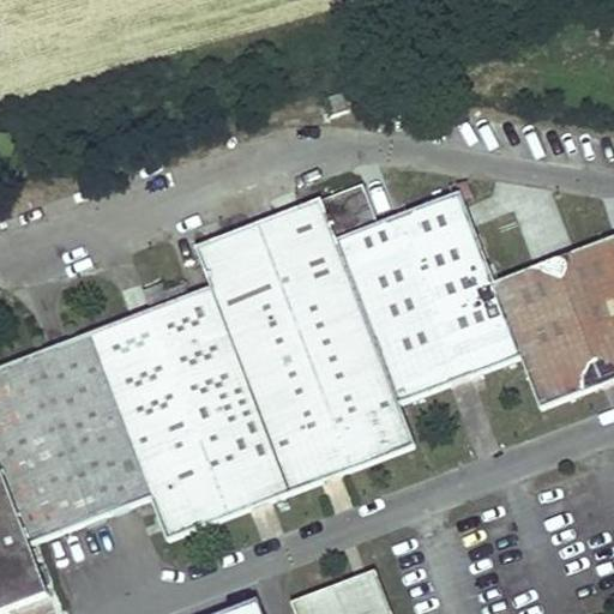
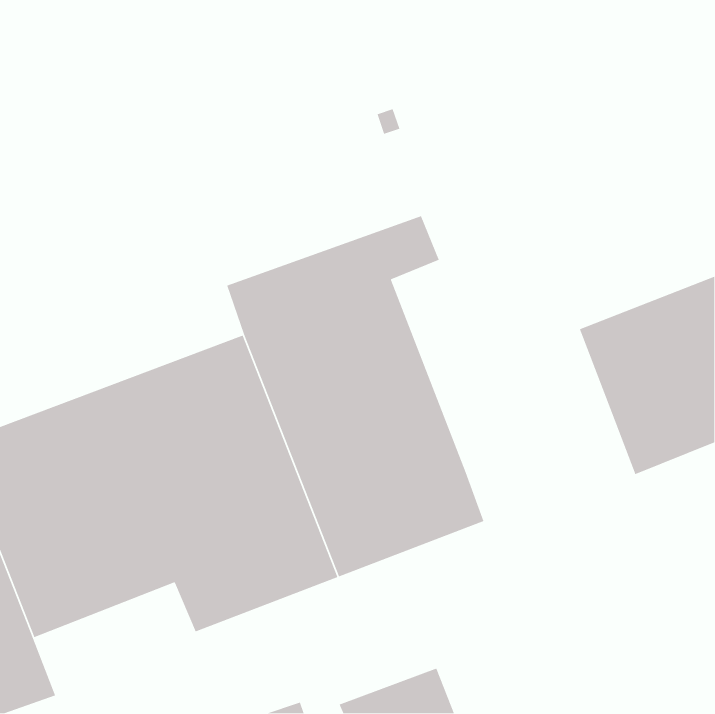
building: [335,192,522,403] -> none

